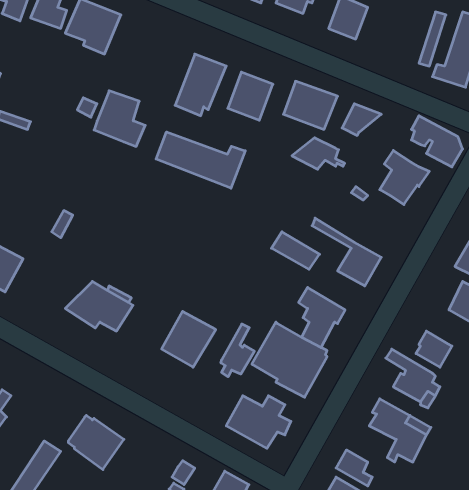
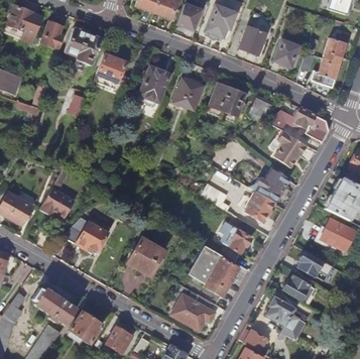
building: none -> [274,40,298,68]
building: [94,91,145,146] -> [96,54,130,92]
building: [156,132,245,188] -> none
building: [292,138,345,169] -> [266,109,302,130]
building: none -> [256,165,289,202]
building: none -> [40,188,76,219]
building: [221,324,254,377] -> none
building: none -> [33,287,77,325]
building: none -> [107,326,133,353]

